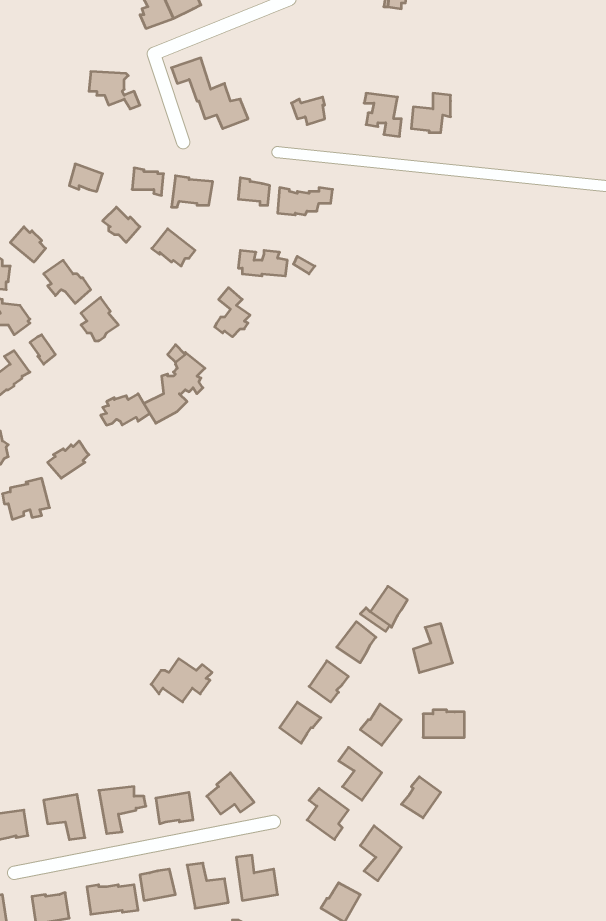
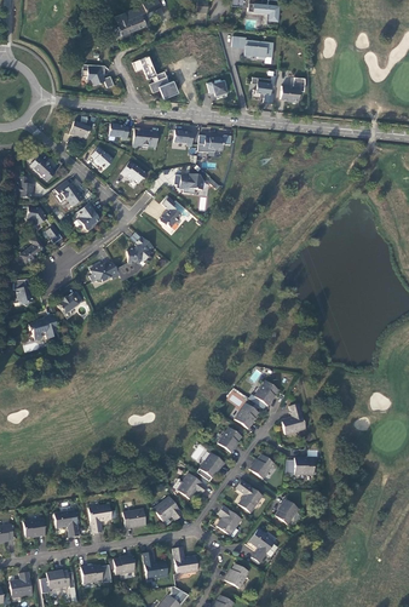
building: none -> [231,35,273,58]
building: [151,659,212,702] -> [171,473,208,499]

